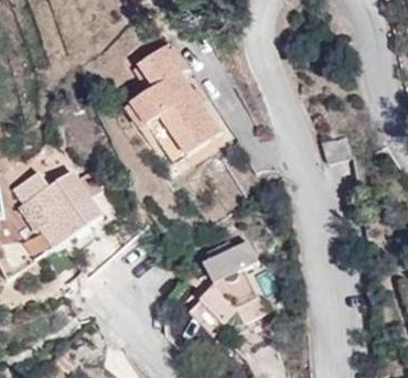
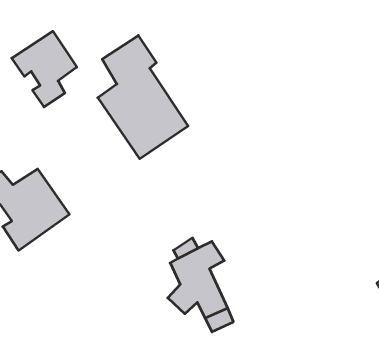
building: none -> [12,31,77,107]

